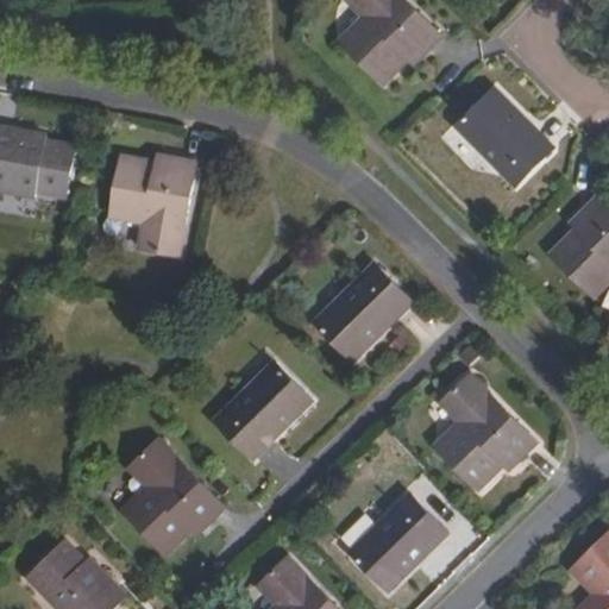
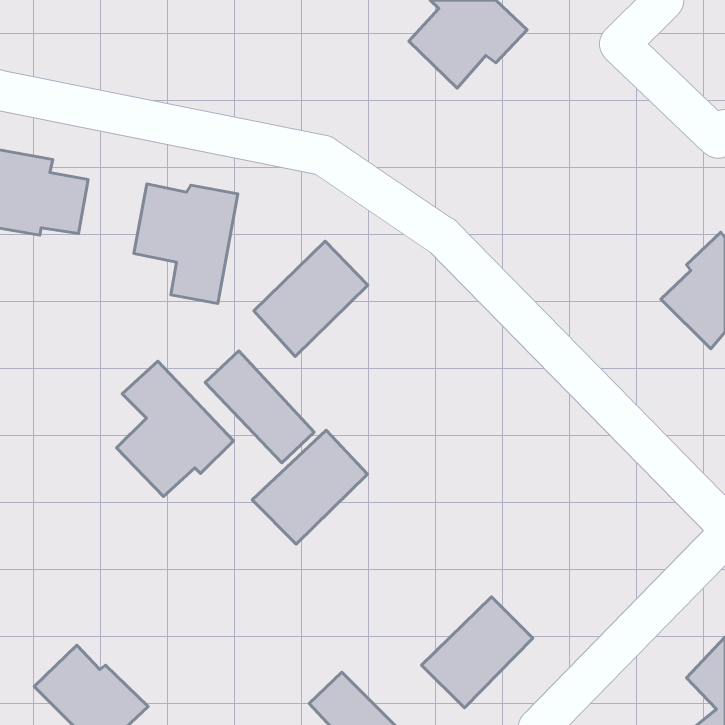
building: [457,84,554,183] -> none
building: [314,264,409,360] -> [254,241,368,356]
building: none -> [205,351,314,463]
building: [437,375,536,488] -> none
building: [120,441,218,554] -> [117,361,233,496]

